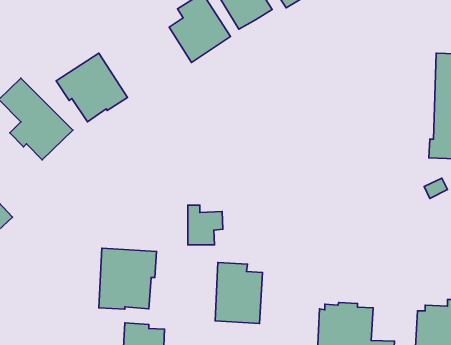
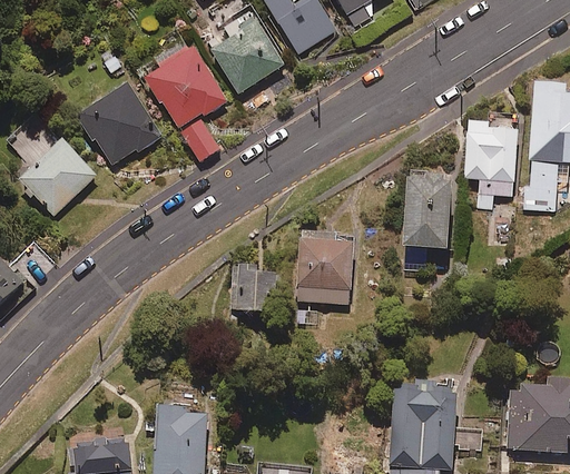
building: none -> [145,48,227,161]
building: none -> [463,119,518,208]
building: none -> [402,175,450,251]
building: [99,248,157,309] -> none
building: [215,262,262,324] -> [296,230,353,304]

